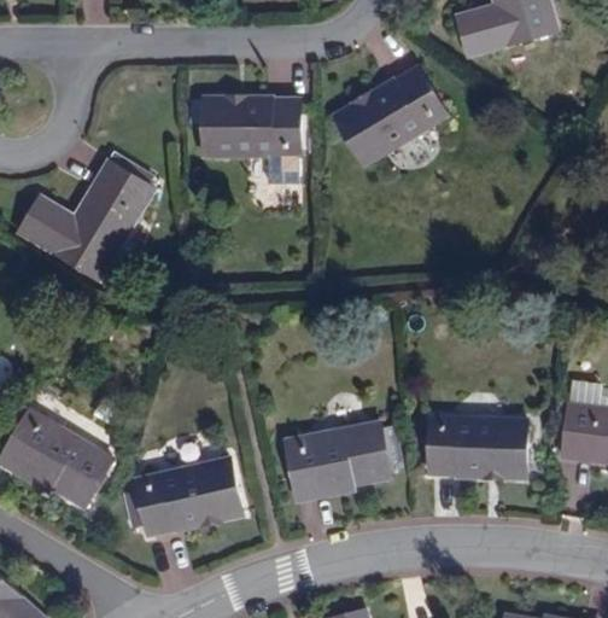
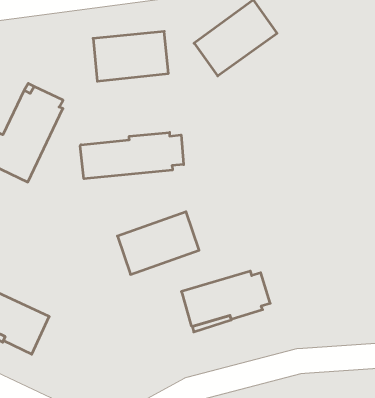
building: none -> [80,132,184,179]
building: [428,419,526,474] -> none
building: [135,460,240,535] -> [117,212,199,274]

